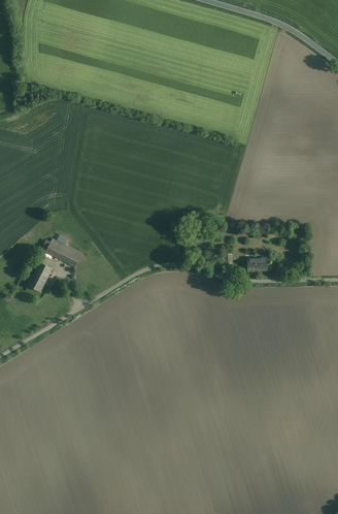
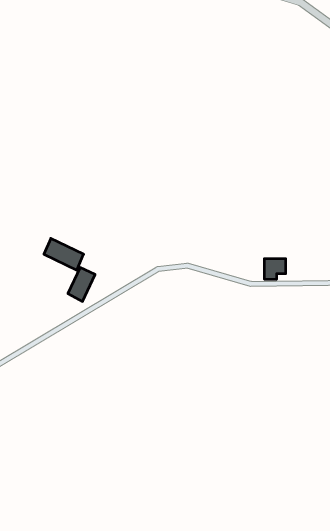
building: [28,262,53,293] -> [68,268,95,301]

